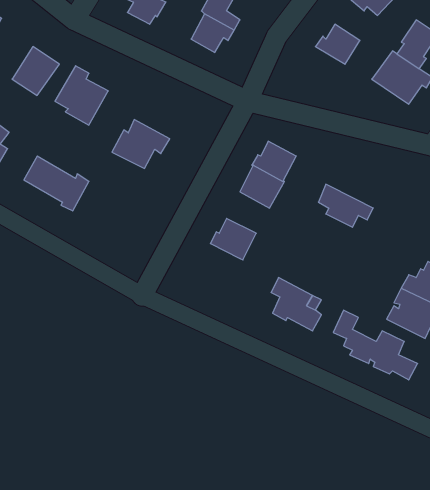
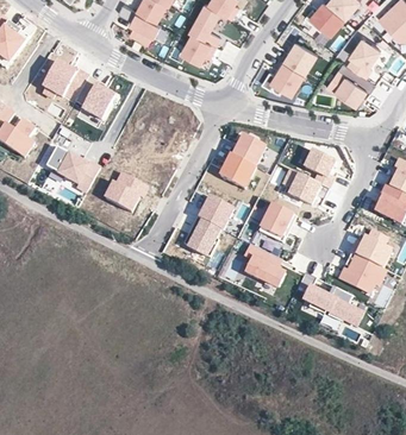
building: none -> [261,59,305,94]
building: [112,120,170,168] -> [104,172,150,212]
building: none -> [304,151,335,189]
building: none -> [258,204,296,244]
building: none -> [182,218,220,258]

